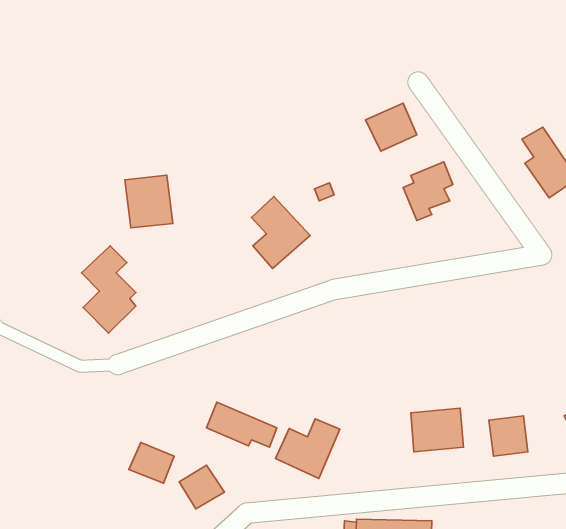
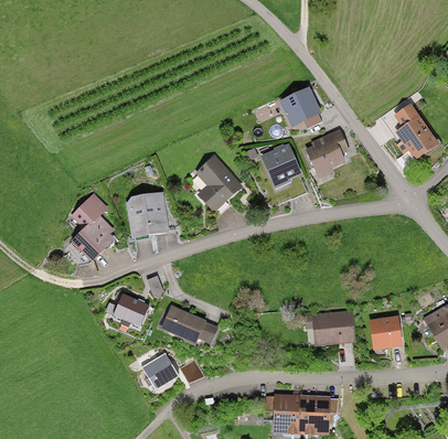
building: [125,175,173,228] -> [130,195,166,234]
building: none -> [264,146,299,185]
building: [276,419,340,478] -> none
building: [129,443,174,483] -> [115,295,148,324]

